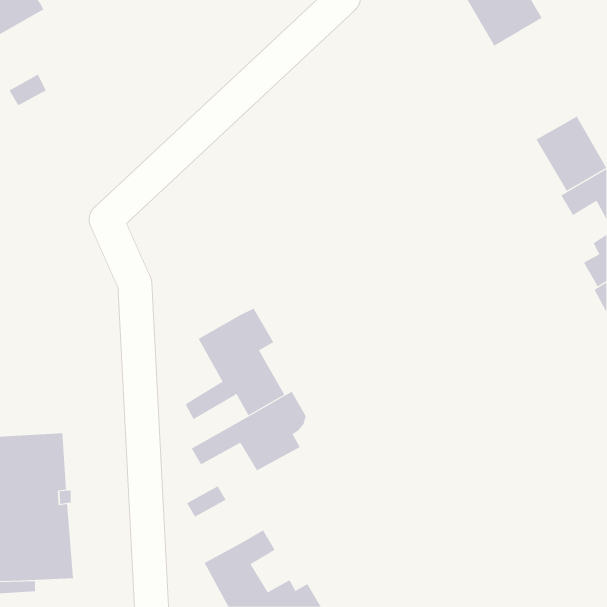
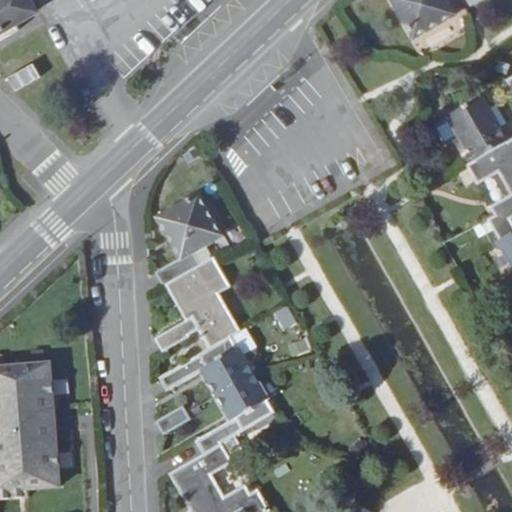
building: none -> [155,197,222,286]
building: none -> [196,375,274,454]

